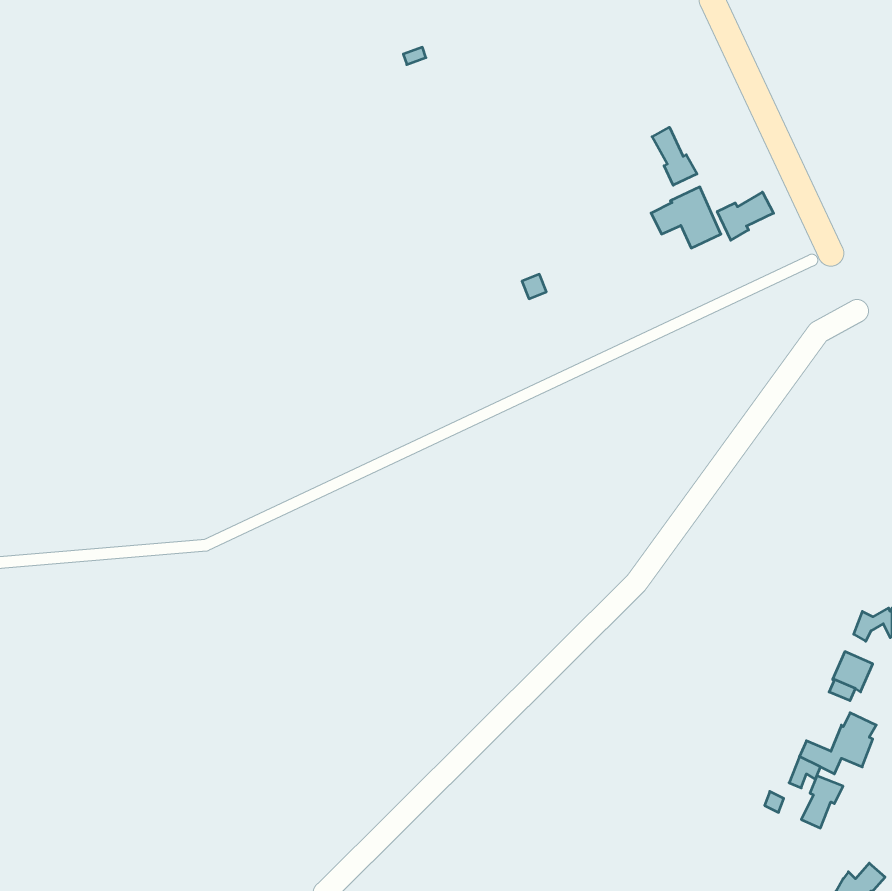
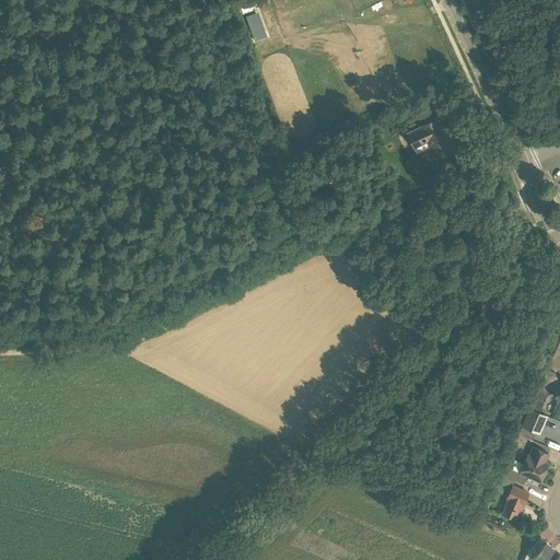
building: [652,127,697,185] -> none
building: [717,192,774,240] -> none

